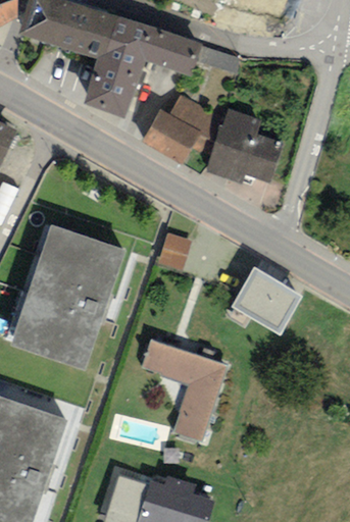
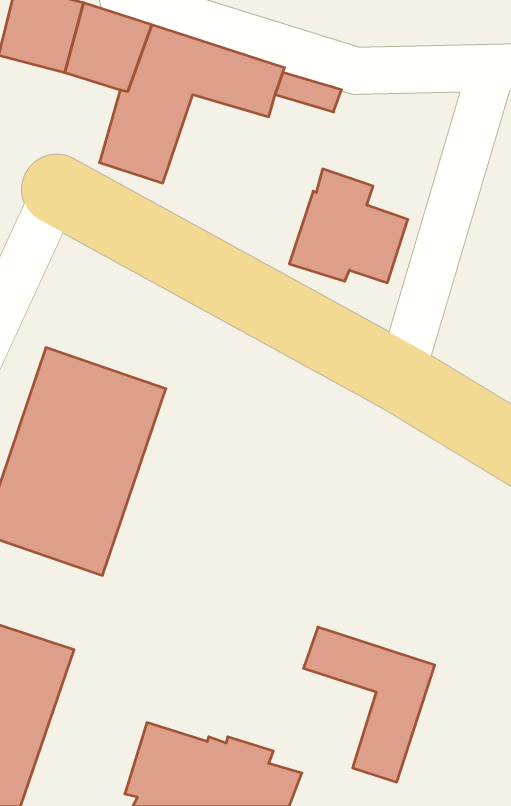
building: [141,96,220,165] -> none
building: [158,233,191,271] -> none
building: [231,267,303,335] -> none
building: [142,341,227,440] -> [303,627,435,782]

